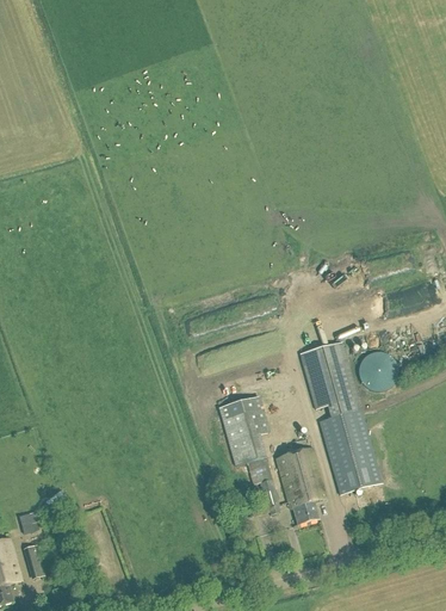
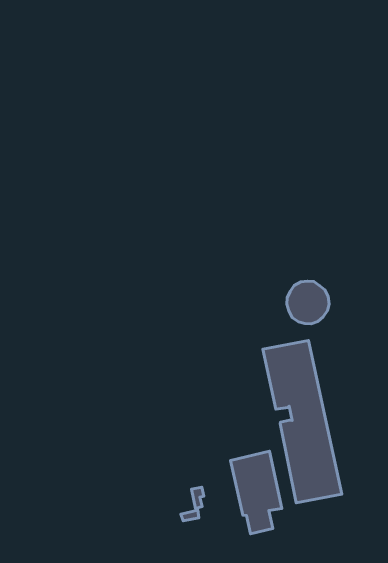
building: [358,351,397,390] -> [287,281,329,324]
building: [217,395,280,513] -> none

